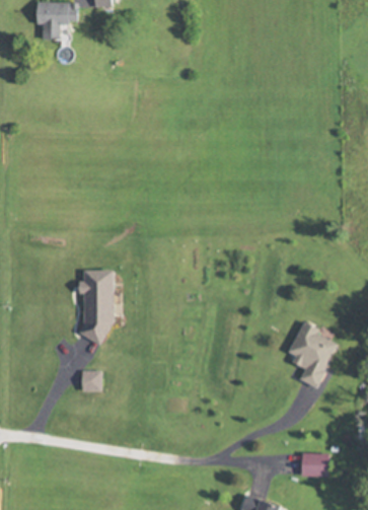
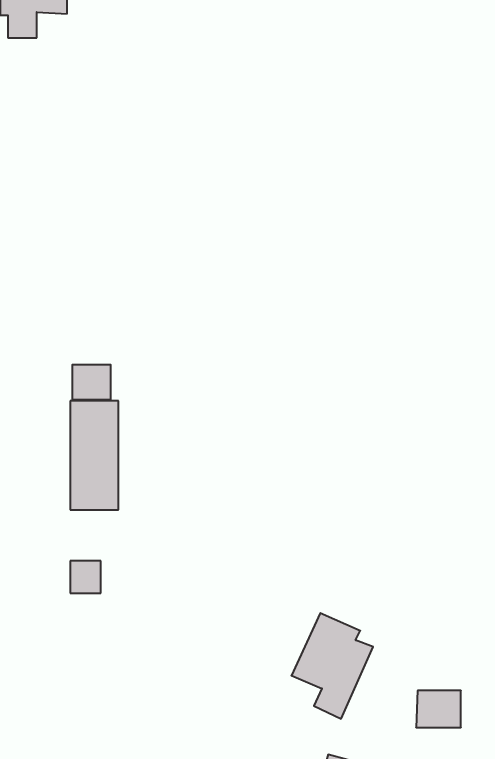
building: none -> [72,365,111,400]
building: [286,321,338,388] -> [291,613,373,719]

